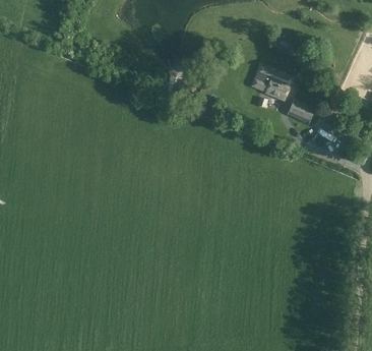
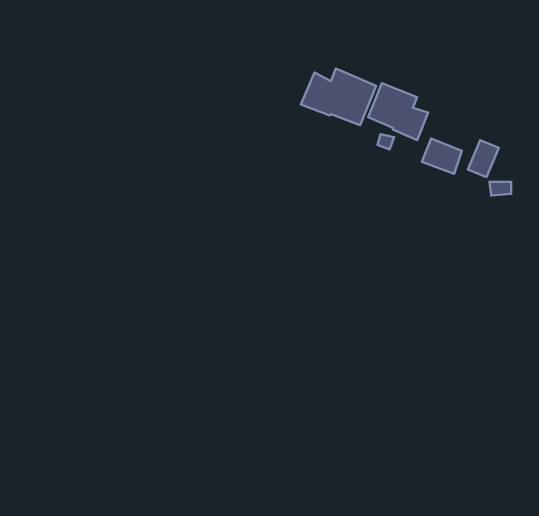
building: none -> [301,68,376,125]

